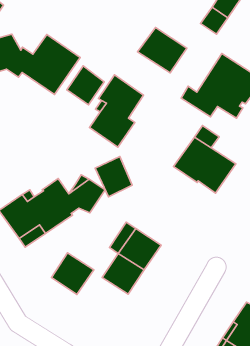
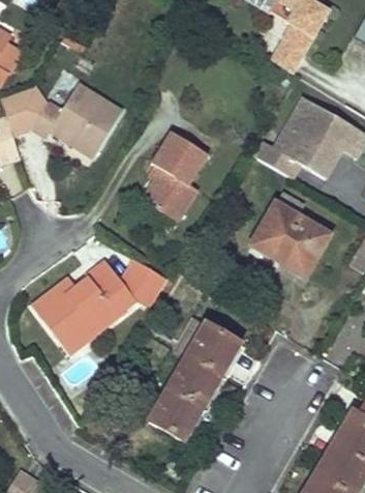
building: [137,28,187,73] -> none
building: [67,66,104,105] -> none
building: [95,157,132,197] -> none
building: [52,253,94,294] -> [148,387,201,439]

